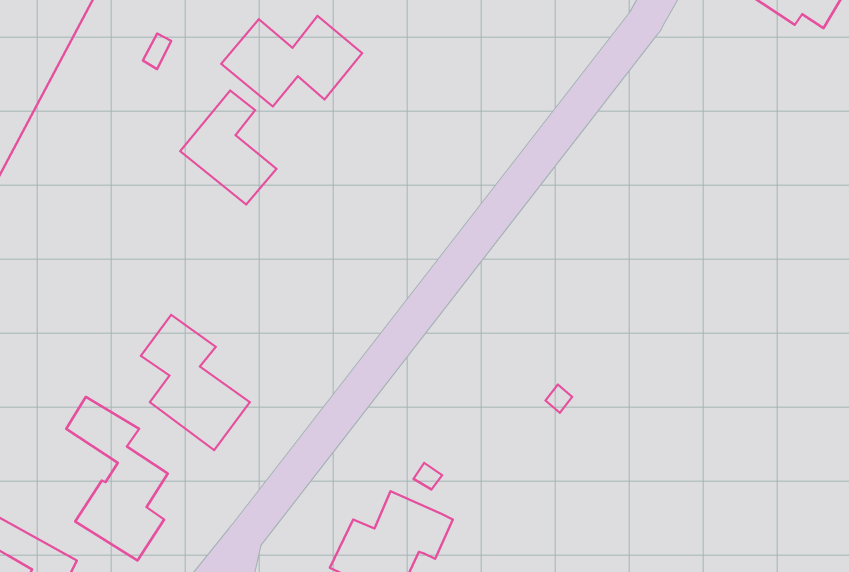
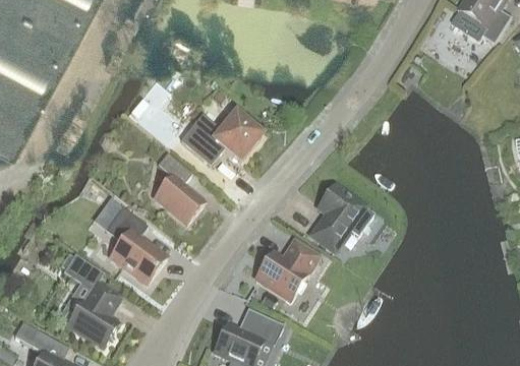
building: [221,16,362,107] -> [180,113,261,165]
building: none -> [154,154,204,225]
building: none -> [312,186,372,251]
building: none -> [254,239,321,301]

